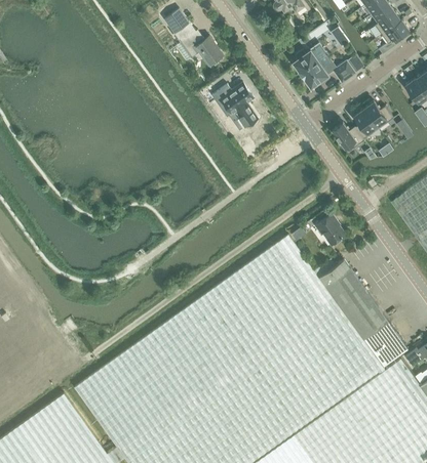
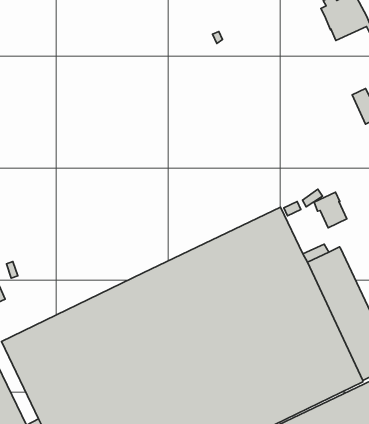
building: [216,84,254,121] -> none

